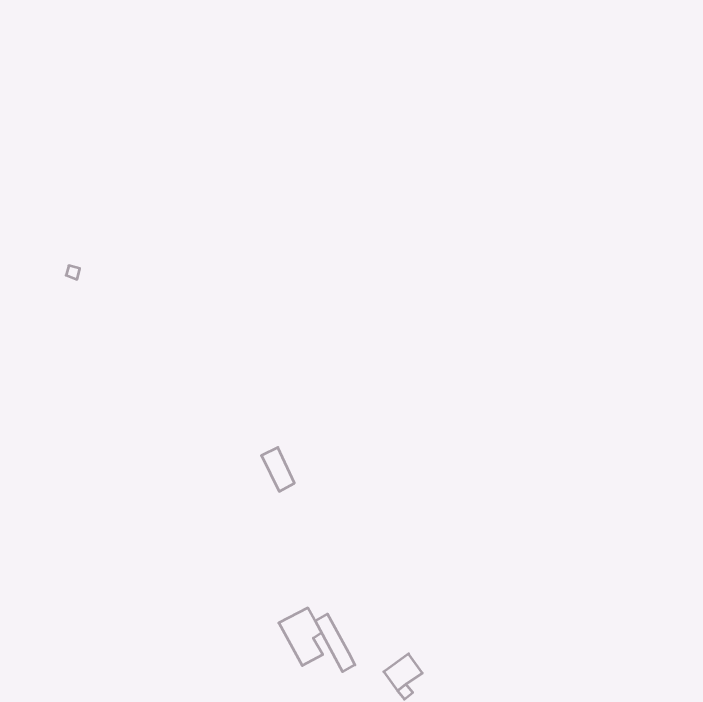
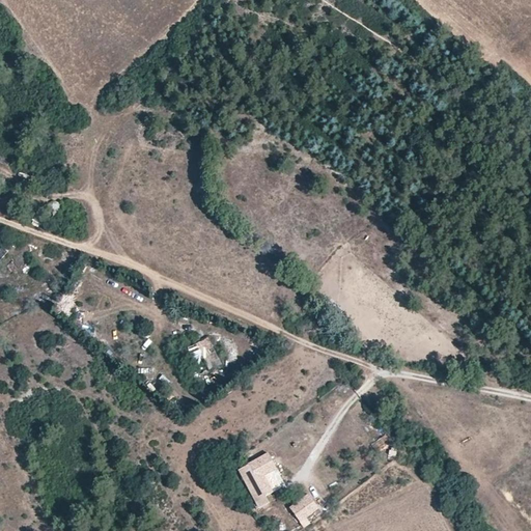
building: [279,608,323,666] -> [247,451,280,495]

